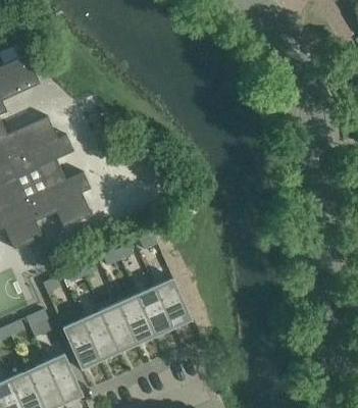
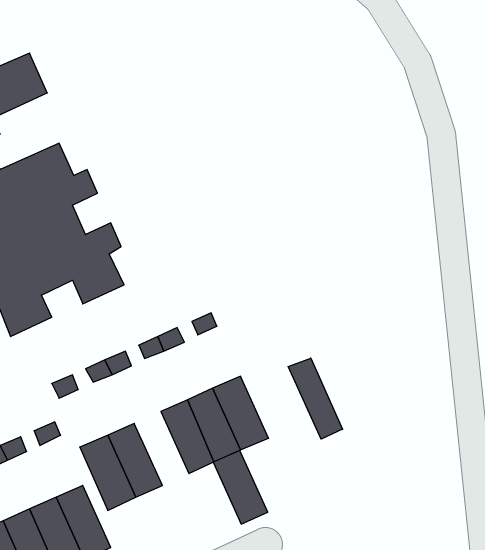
building: none -> [288,358,343,439]
building: [99,302,137,353] -> [213,450,268,524]

